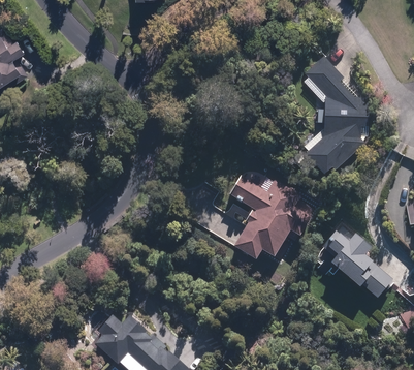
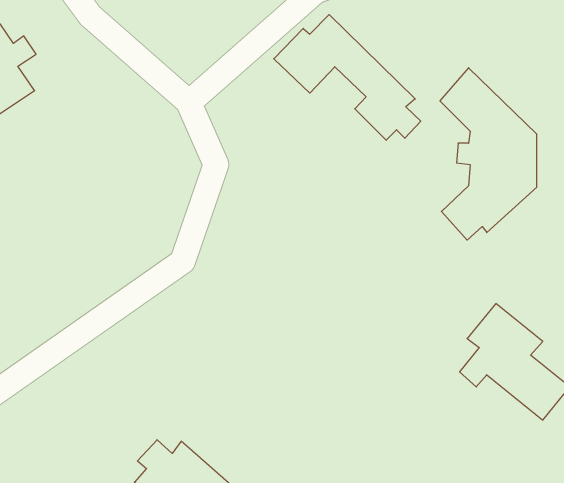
building: none -> [274,15,421,140]
building: [228,171,309,257] -> none

